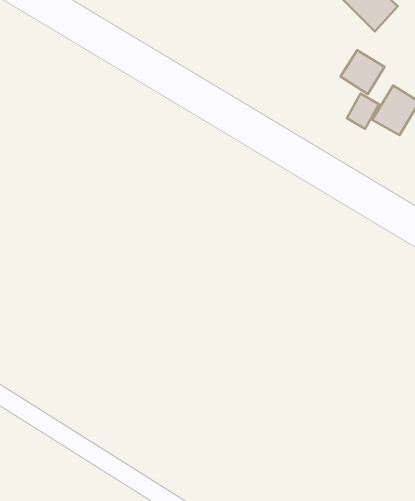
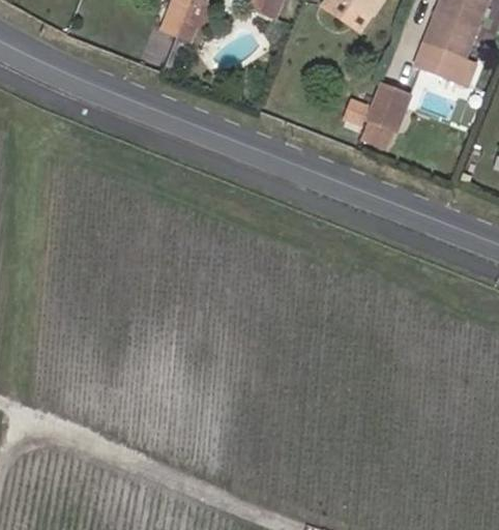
building: [340,50,385,94] -> none

